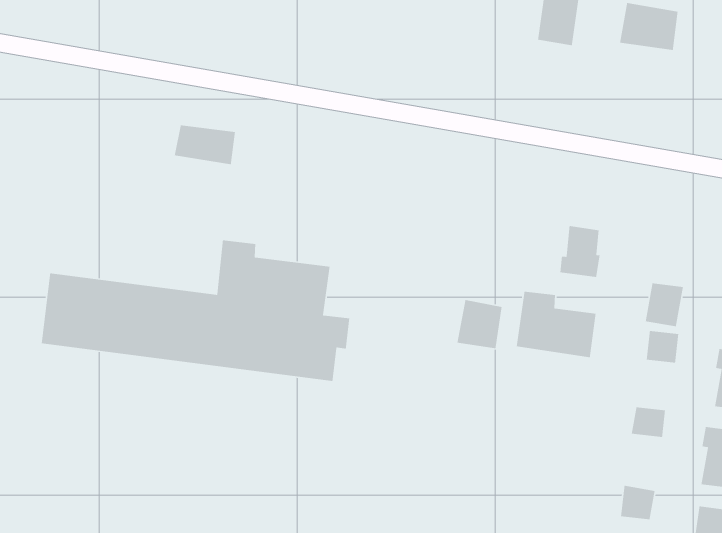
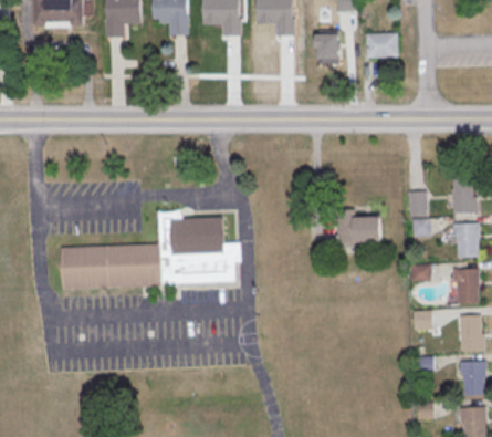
building: [174,124,236,165] -> none
building: [559,225,601,278] -> none
building: [456,299,503,349] -> none

